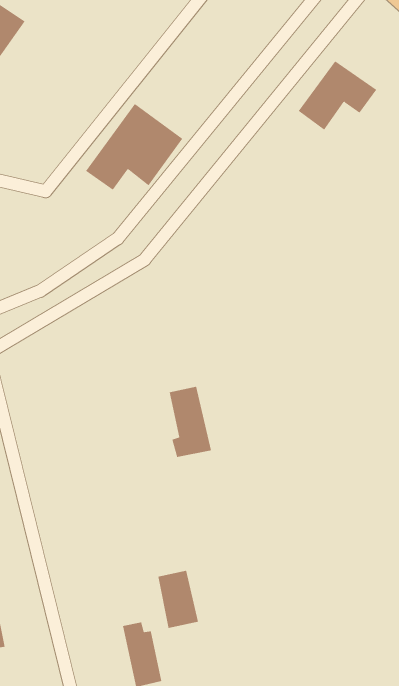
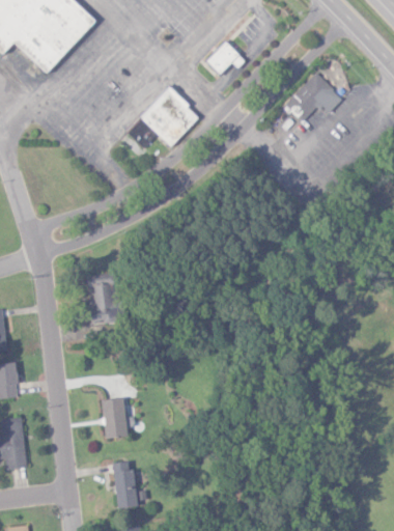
building: none -> [205,40,246,74]
building: [169,386,212,457] -> [89,274,117,324]
building: [157,570,199,628] -> [103,397,129,438]

